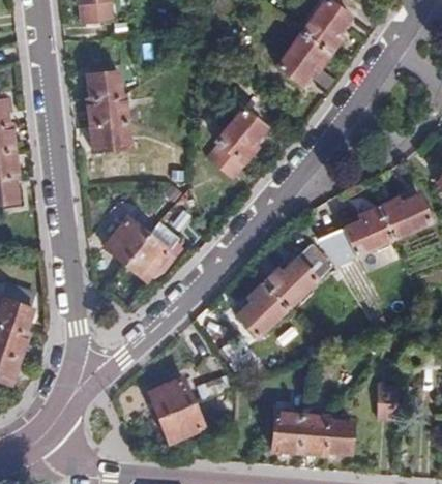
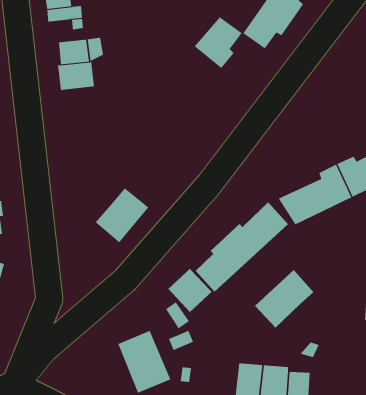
building: [215,111,266,165] -> [194,16,242,69]
building: [90,123,129,153] -> none
building: [101,214,147,265] -> none
building: none -> [168,267,213,313]
building: none -> [254,269,314,329]

